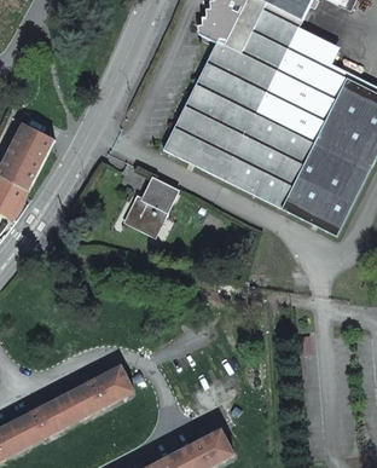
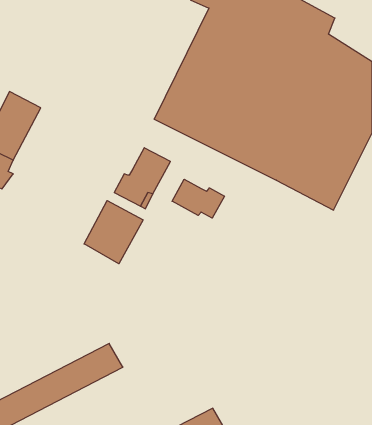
building: none -> [172,179,224,218]
building: none -> [84,201,143,264]

